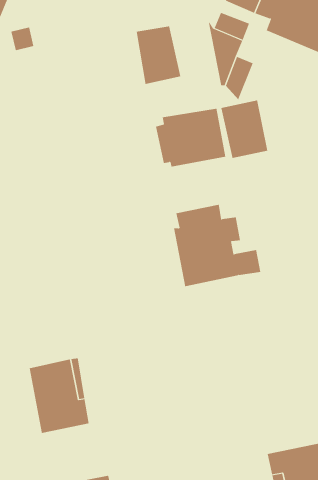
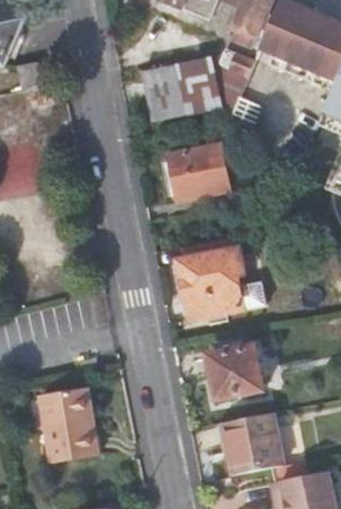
building: [221,100,268,159] -> [175,54,222,112]
building: none -> [208,345,265,399]
building: none -> [220,413,283,475]

